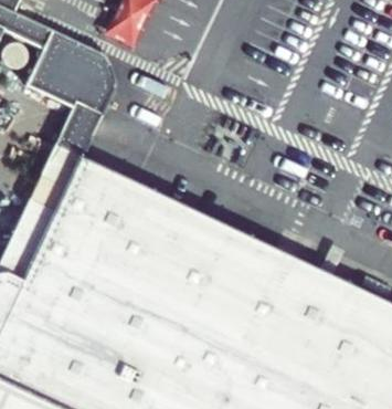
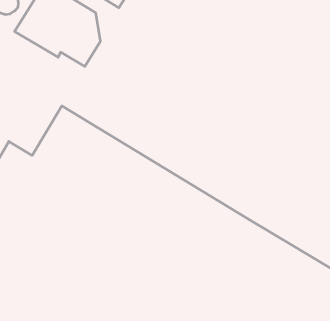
building: [31,102,102,211] -> none

